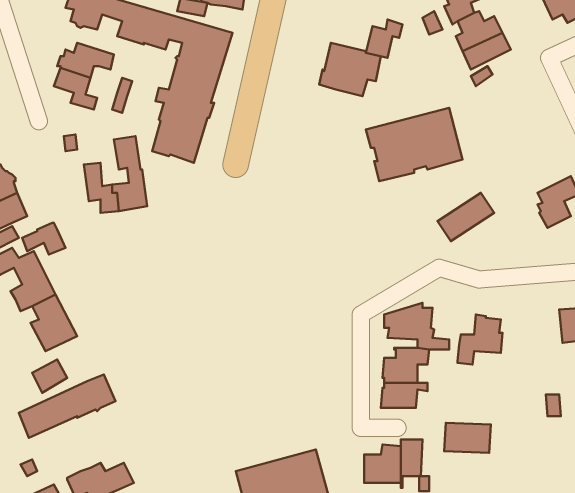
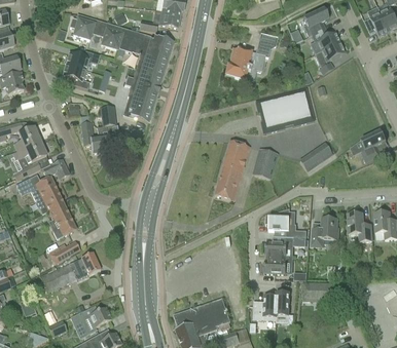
building: none -> [213,141,249,199]
building: none -> [252,148,277,179]
building: none -> [347,212,372,241]

